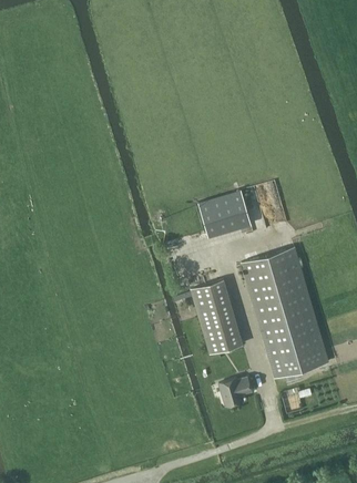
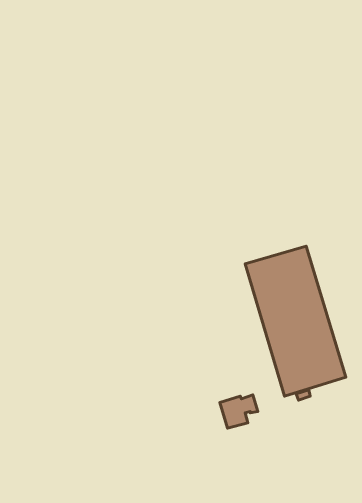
building: [198,192,252,239] -> none
building: [175,280,243,354] -> none

